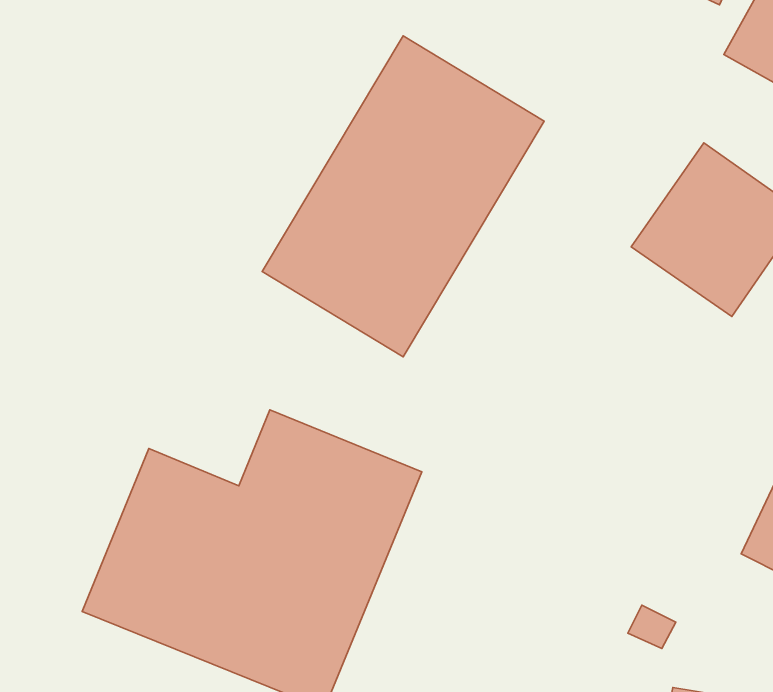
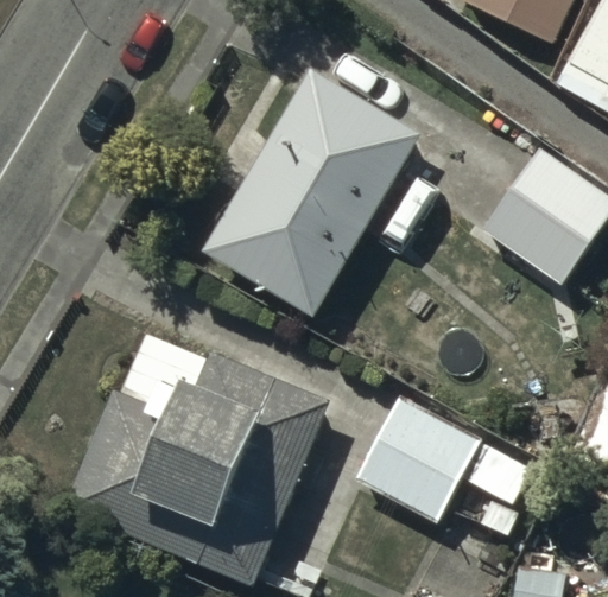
building: none -> [356,394,532,522]

